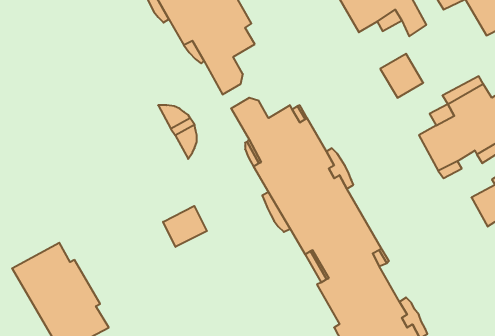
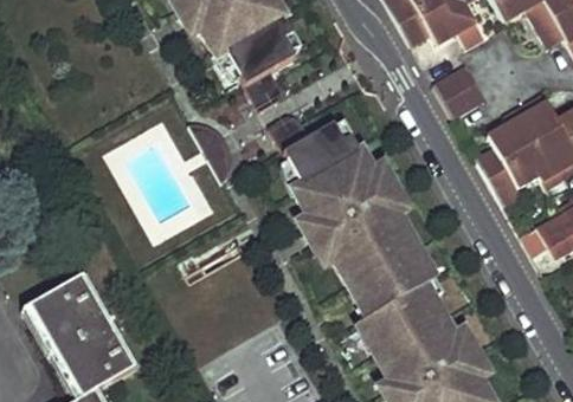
building: [163,206,207,247] -> none

